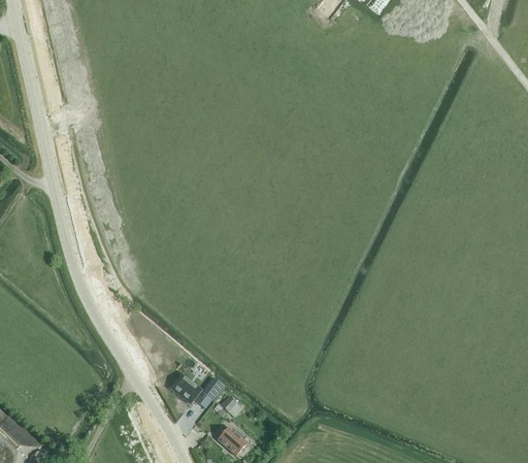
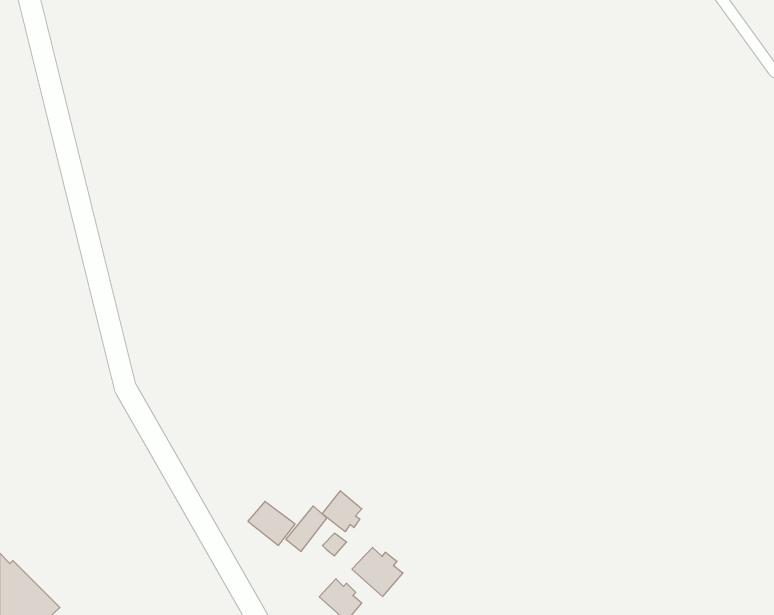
building: none -> [322,491,362,532]
building: none -> [352,547,403,596]

